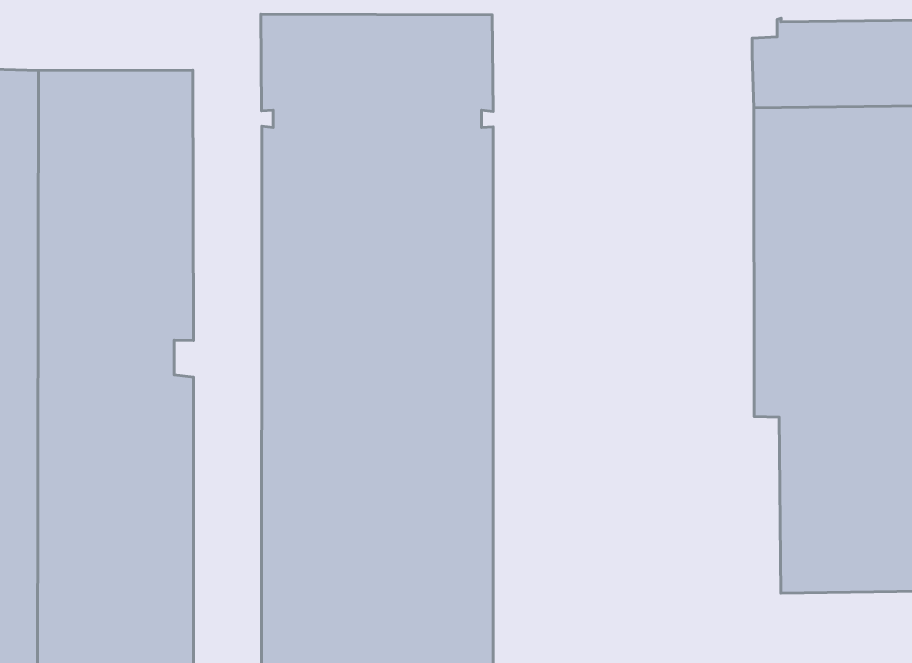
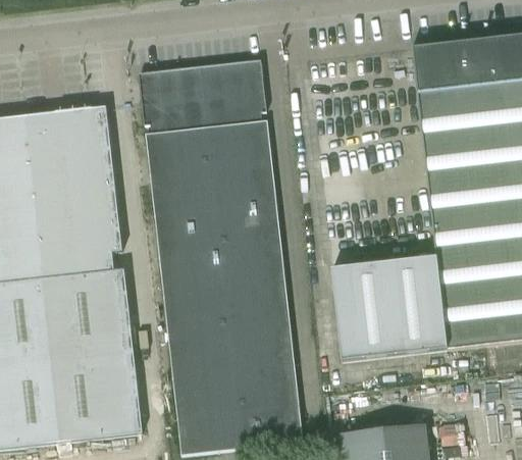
building: none -> [331,256,448,360]

